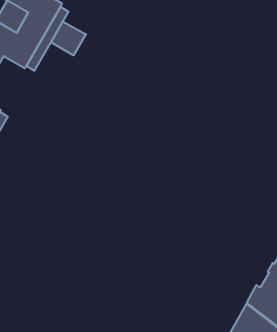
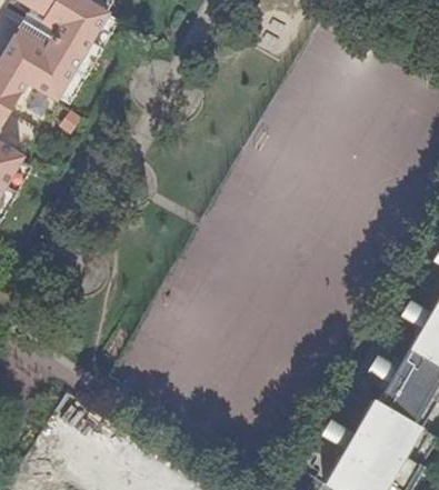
building: [51,22,86,55] -> none

